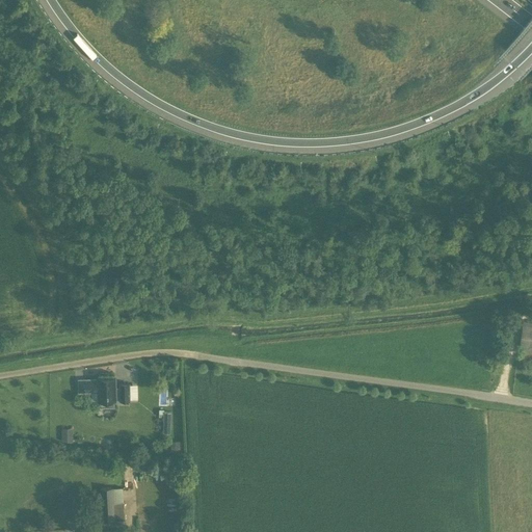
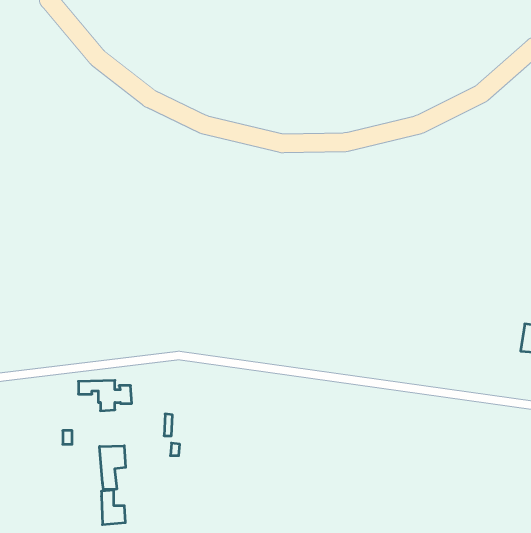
building: none -> [100,446,126,490]

